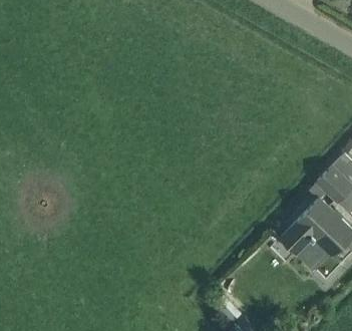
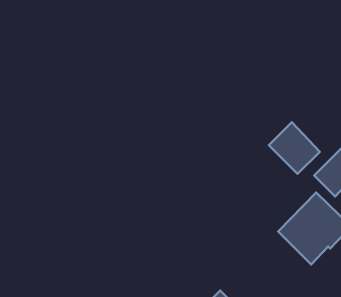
building: none -> [269,122,320,174]

